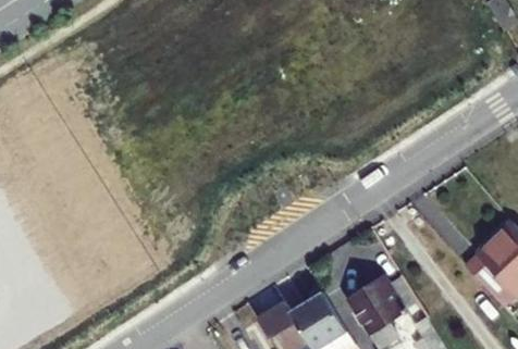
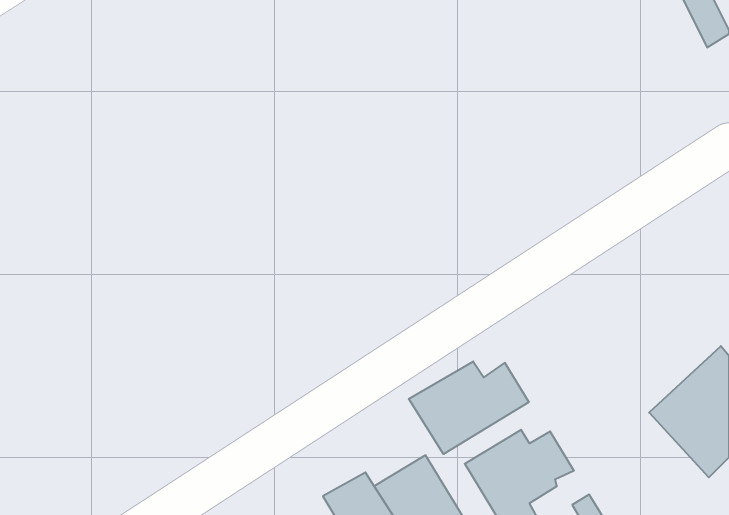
building: none -> [409,361,529,454]

